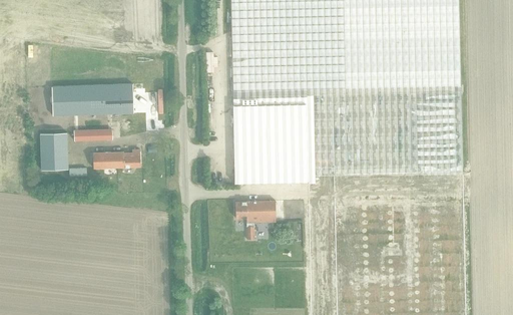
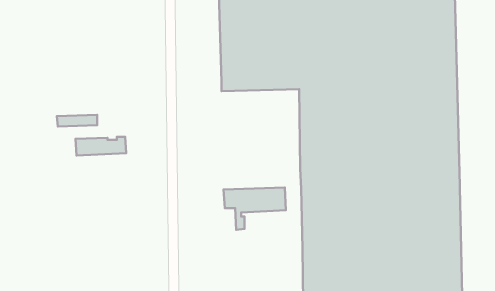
building: [51,83,133,114] -> none
building: [232,103,309,182] -> none
building: [40,131,68,169] -> none

